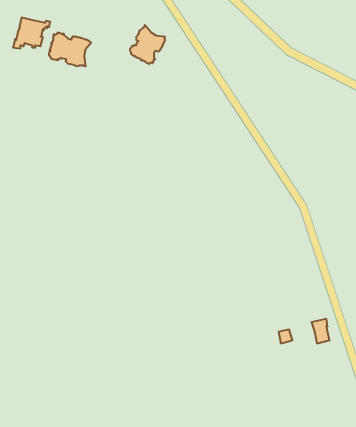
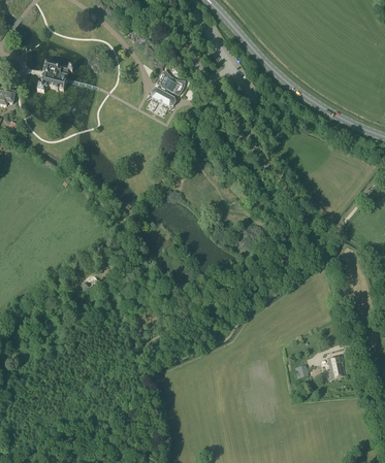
building: [49,33,91,66] -> none

